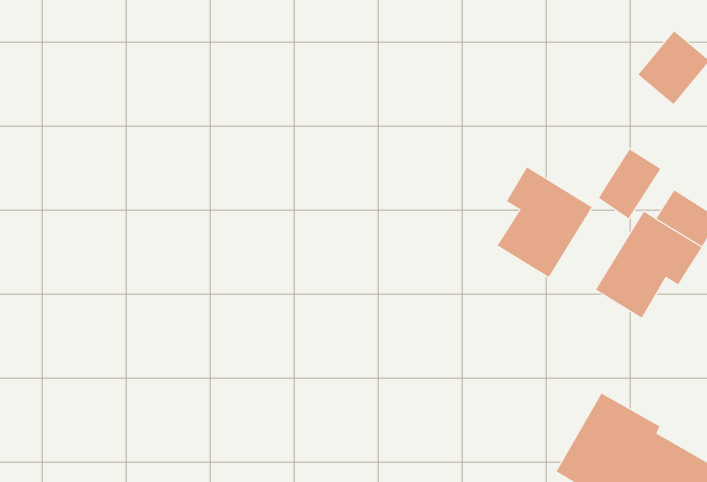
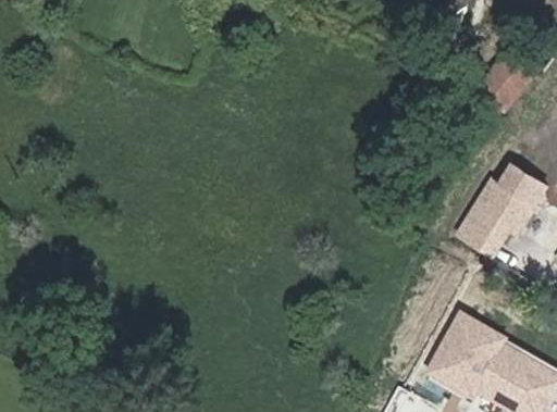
building: [598,148,661,219] -> none
building: [497,166,592,278] -> none

